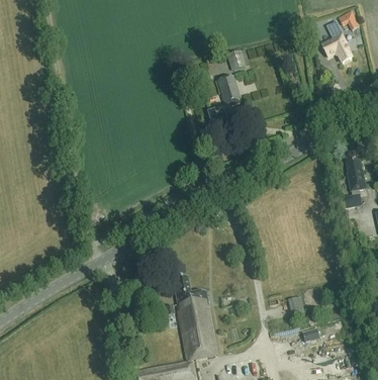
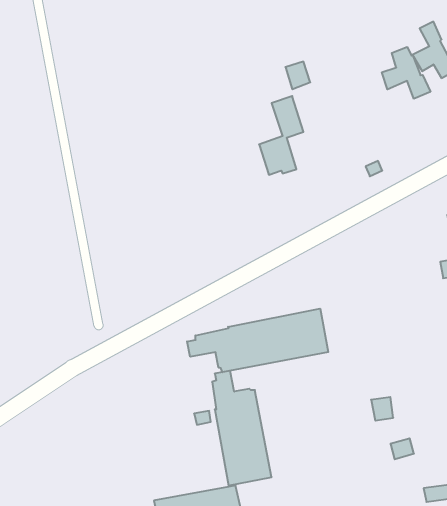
building: none -> [382,47,430,99]
building: none -> [187,309,328,372]

